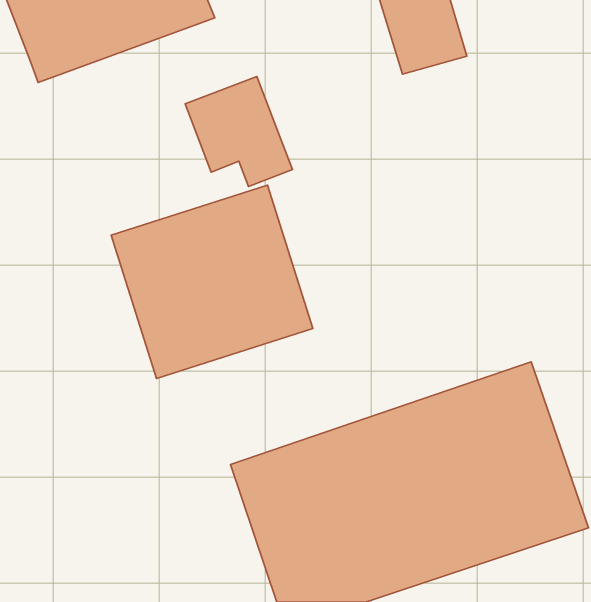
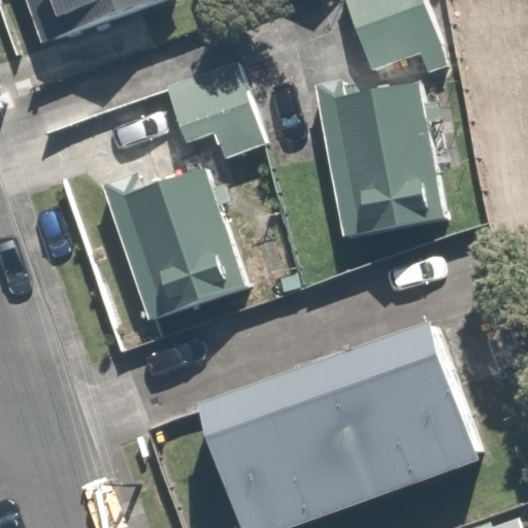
building: none -> [309,66,448,229]

